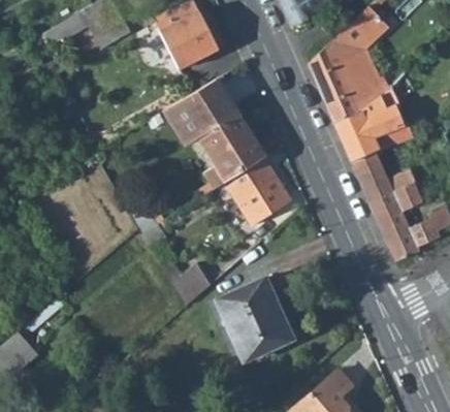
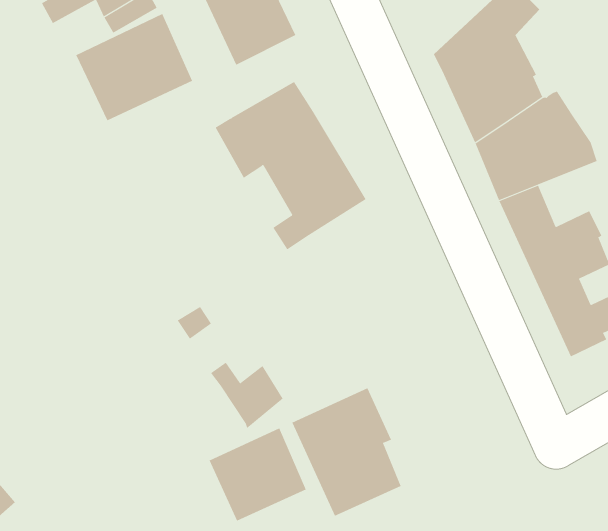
building: none -> [76,13,193,121]
building: [225,156,292,226] -> none
building: none -> [209,428,307,521]

